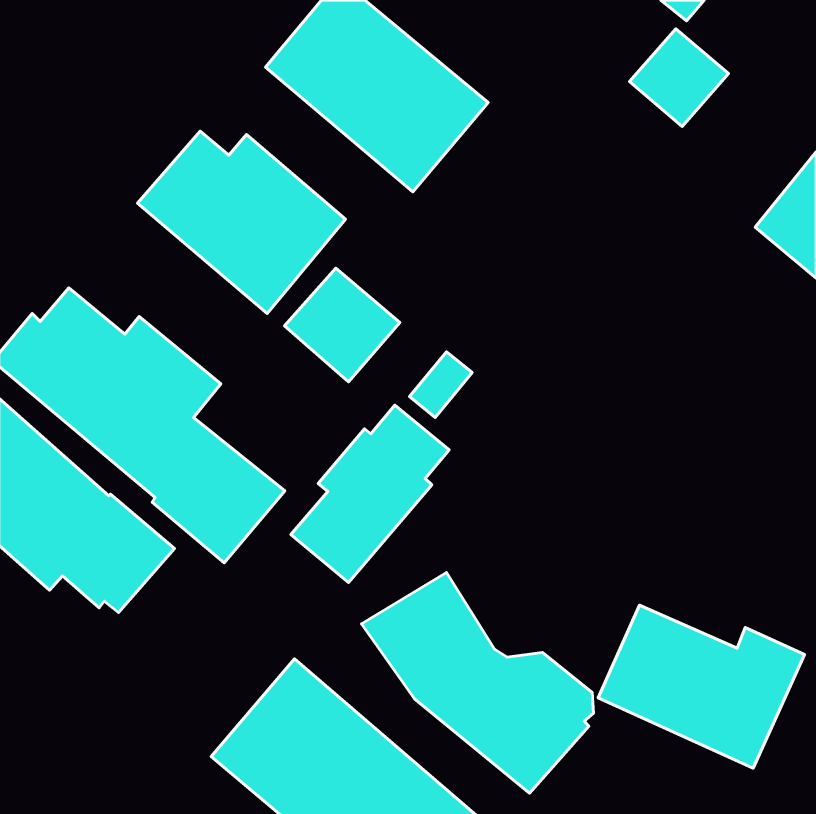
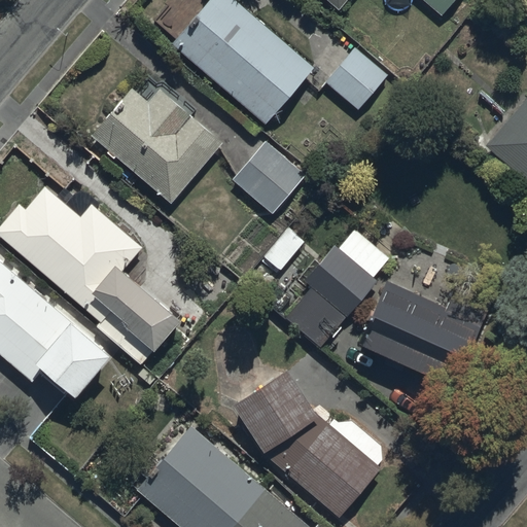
building: [629,29,729,126] -> [324,47,388,110]
building: [285,268,400,382] -> [232,142,306,215]
building: [291,405,449,583] -> [286,231,388,345]
building: [598,605,804,768] -> [356,282,489,387]

